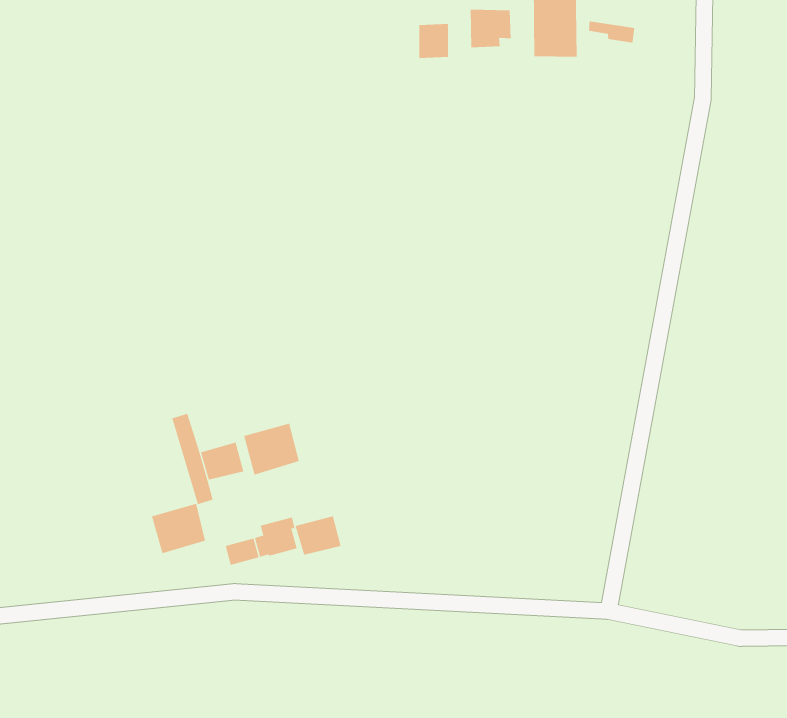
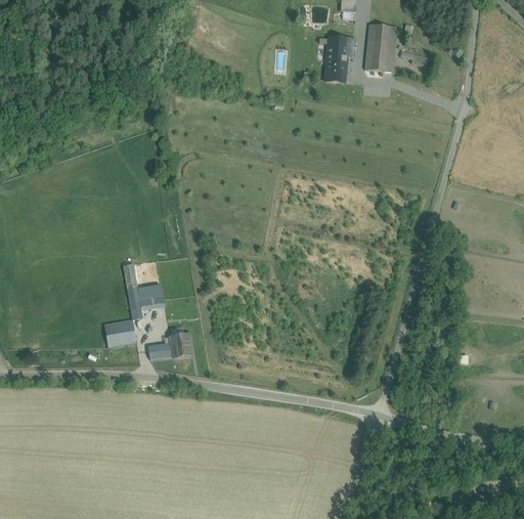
building: [419,23,449,58] -> [325,59,346,81]
building: [243,423,300,475] -> none
building: [295,516,341,556] -> none

